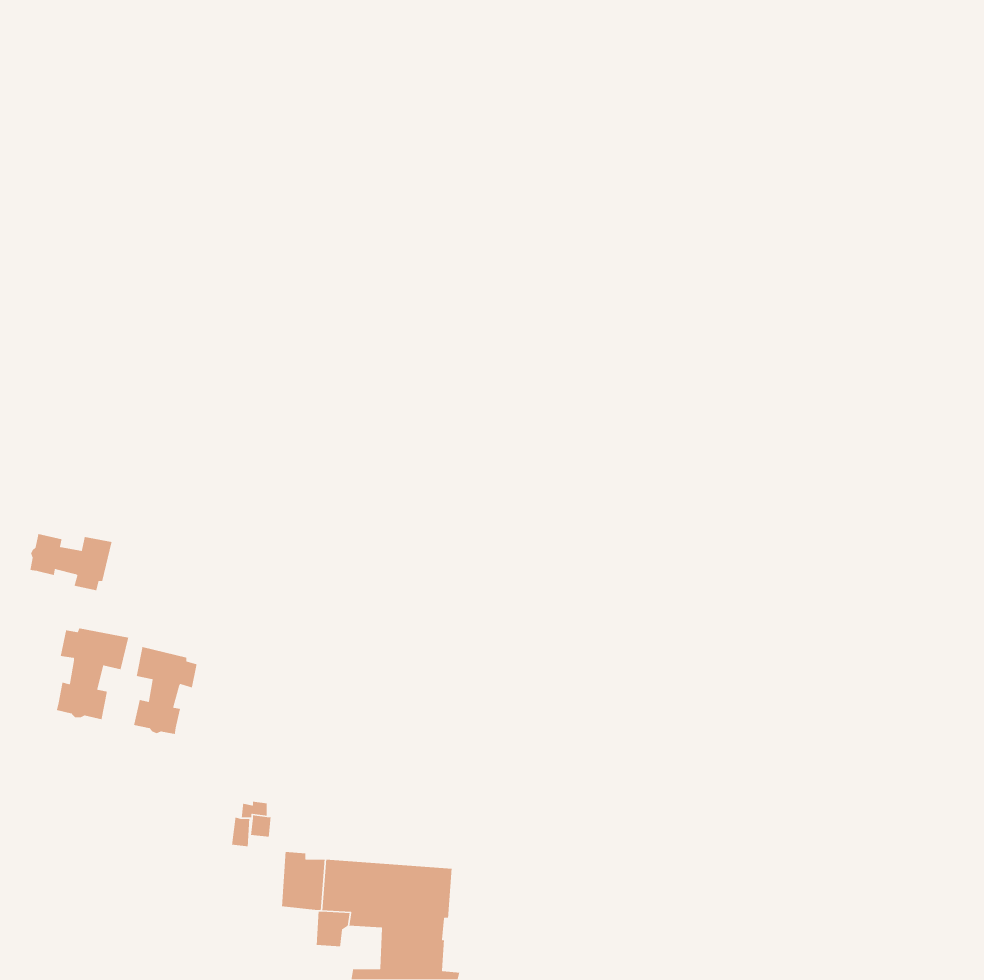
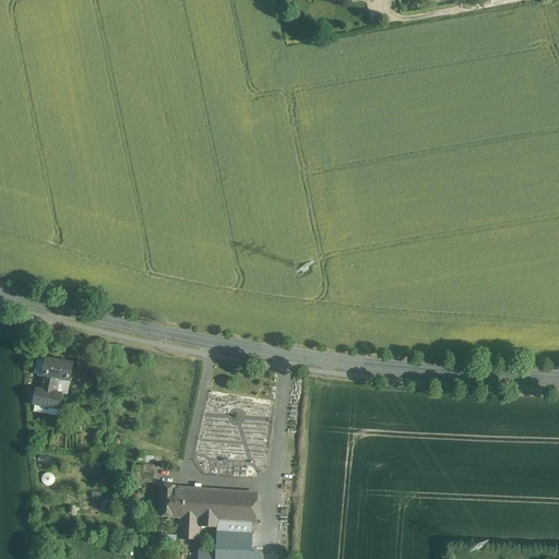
building: [30,533,113,591] -> none
building: [133,646,198,735] -> none

